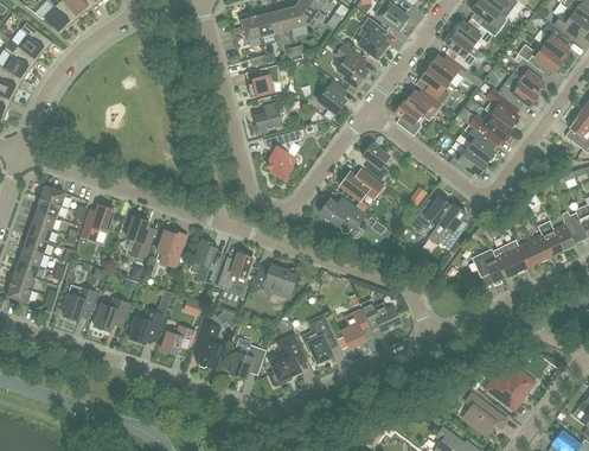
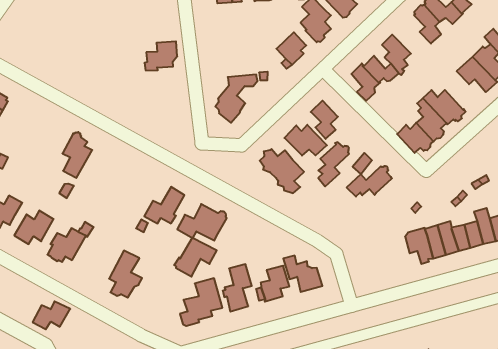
building: [428,53,467,82] -> none
building: [248,64,277,97] -> none
building: [485,88,519,128] -> none
building: [254,100,284,133] -> [144,41,177,70]
building: [79,204,114,240] -> none
building: [438,204,466,249] -> [318,142,349,186]
building: [158,227,186,267] -> none
building: [191,240,218,282] -> none
building: [161,325,196,354] -> [33,301,70,329]
building: [228,341,267,379] -> [174,238,217,277]

